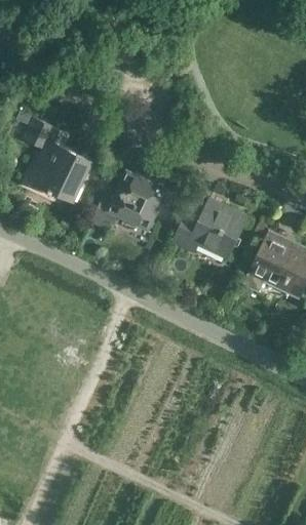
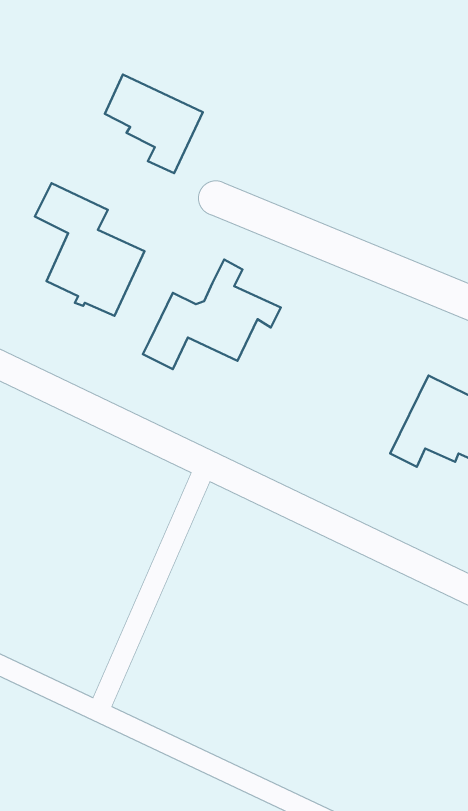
building: none -> [105,75,203,173]
building: [171,201,246,255] -> none

